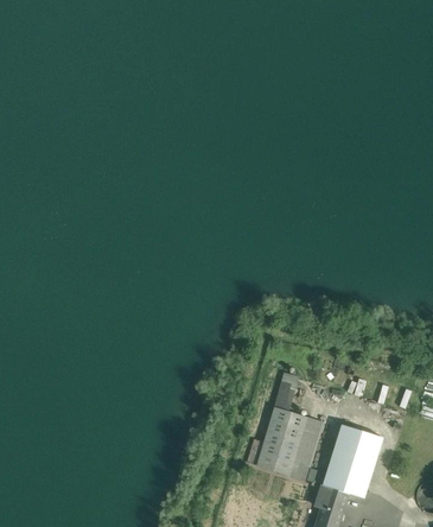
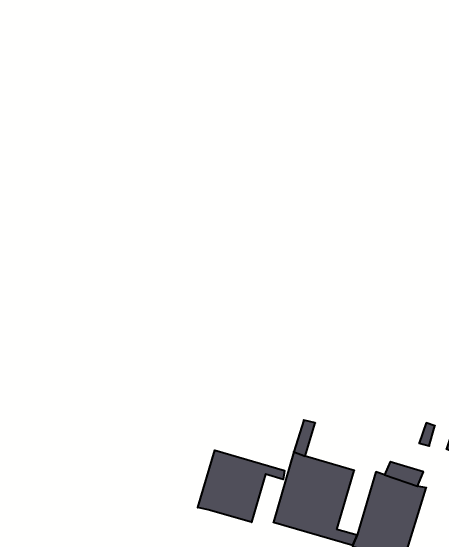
building: none -> [198,450,285,522]

